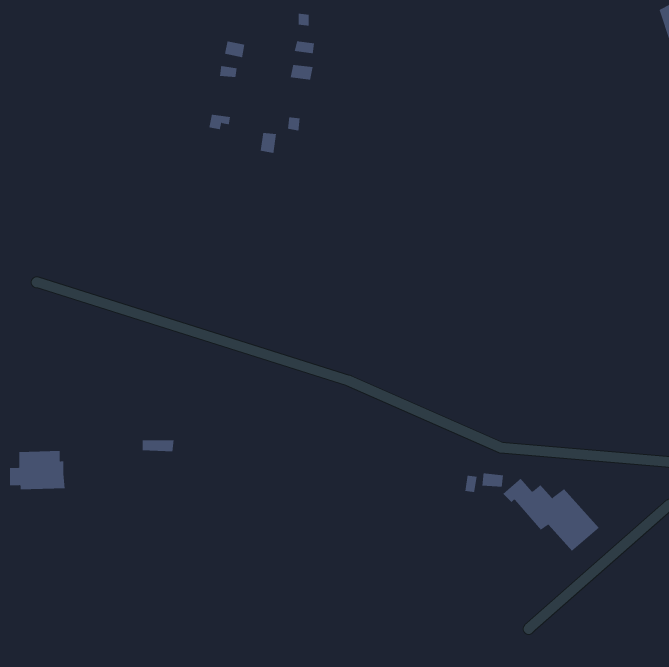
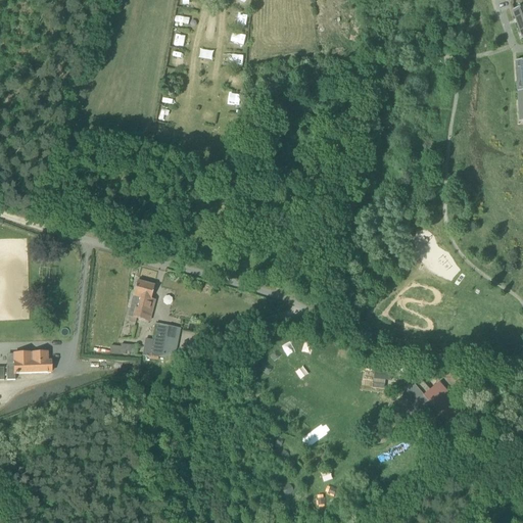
building: none -> [129,278,155,319]
building: none -> [143,322,169,355]

